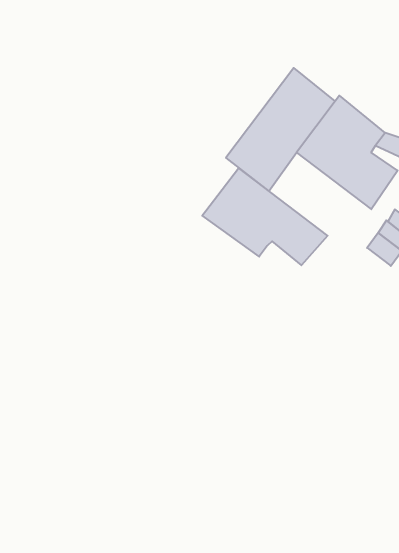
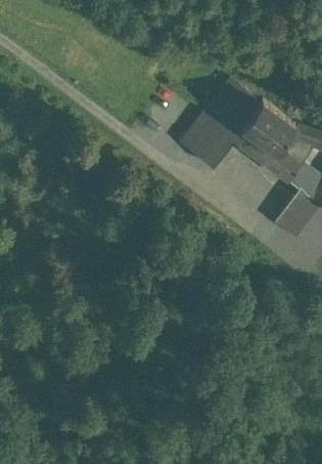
building: [202,168,328,265] -> none

